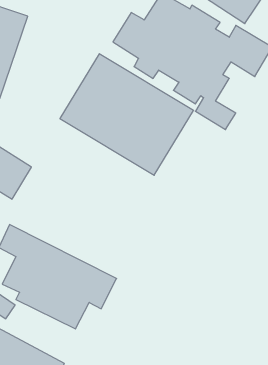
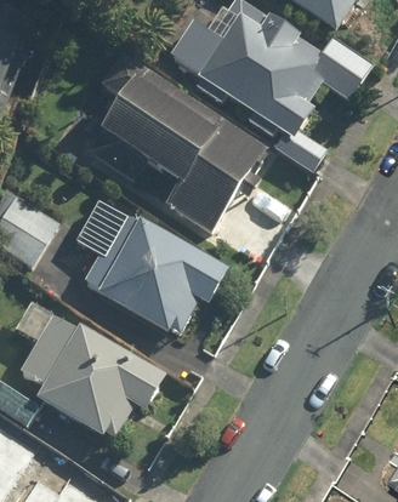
building: none -> [87,212,232,336]

